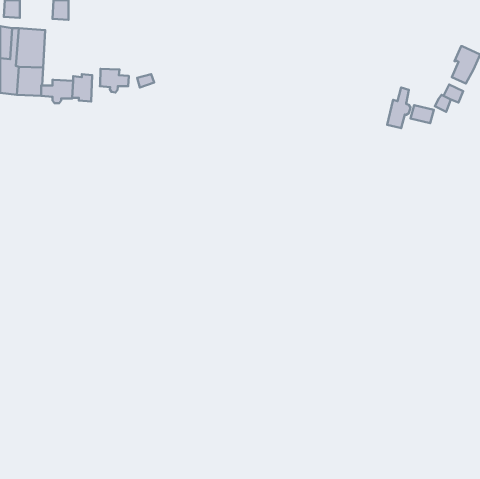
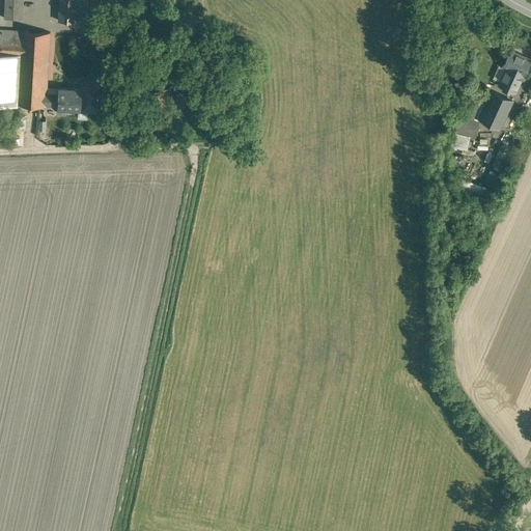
building: [100,69,129,92] -> none
building: [387,87,410,128] -> none

